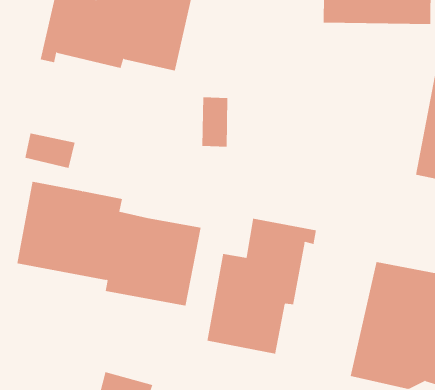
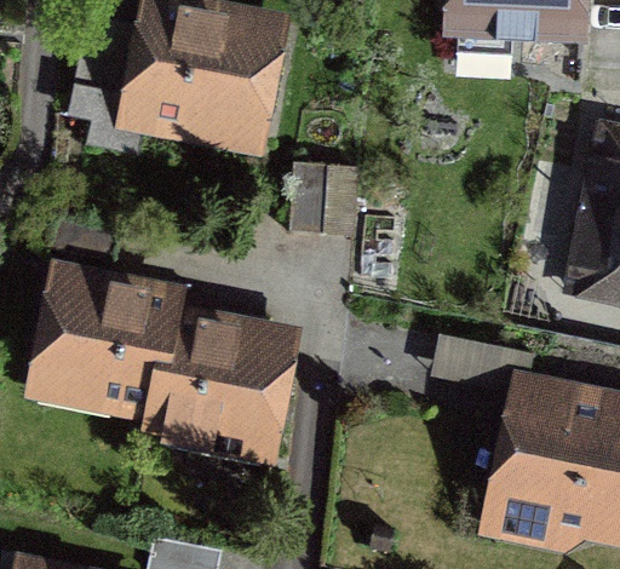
building: [207,218,317,355] -> none

